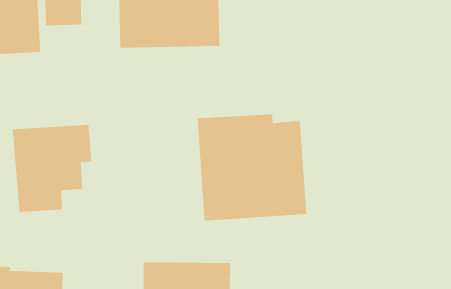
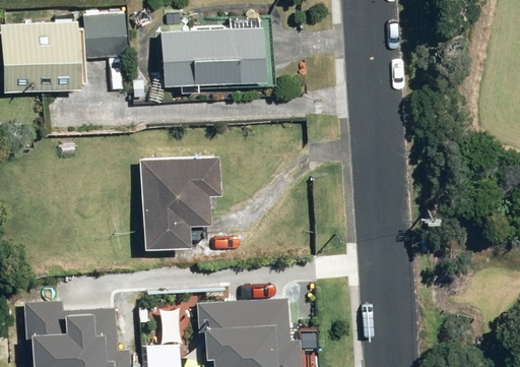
building: [197,113,307,221] -> none
building: [12,124,92,212] -> [141,151,224,243]

